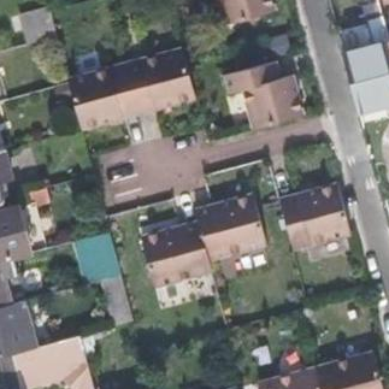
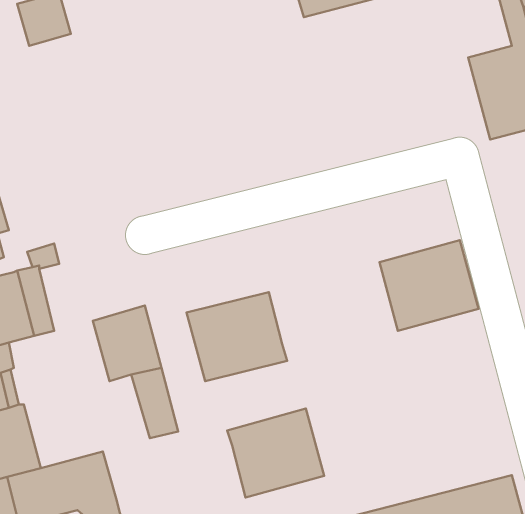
building: [66,48,194,129] -> none
building: [224,61,301,129] -> none
building: [195,195,265,259] -> [227,409,324,498]

